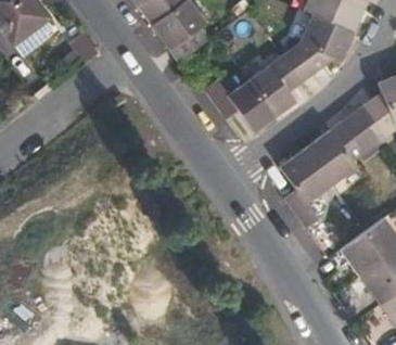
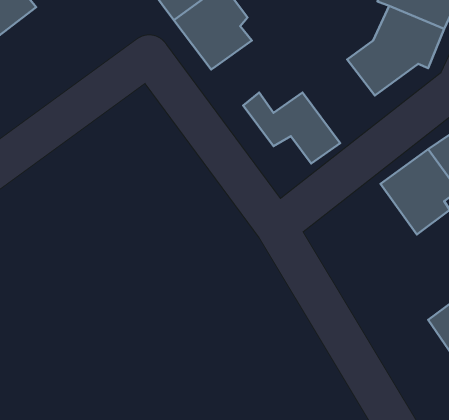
building: [247,54,302,117] -> none
building: [280,148,333,231] -> none

